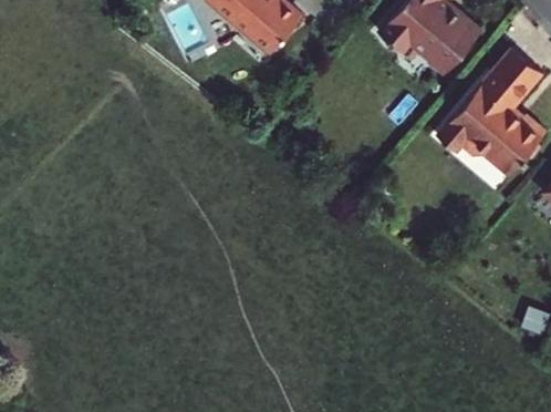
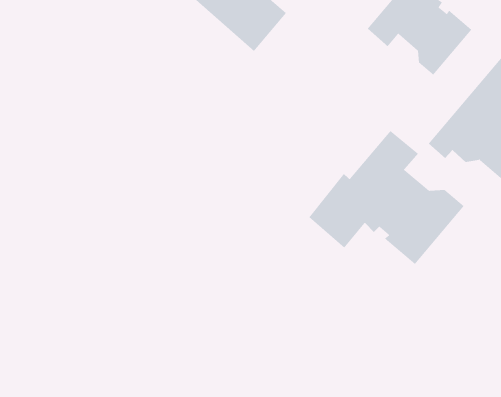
building: none -> [308,130,465,265]

